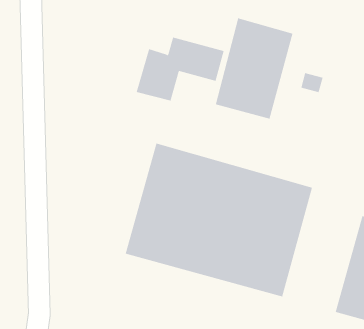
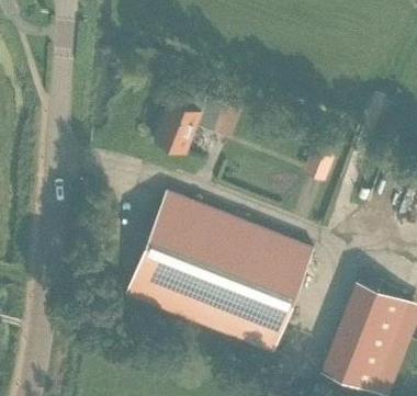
building: [215,18,293,119] -> none

